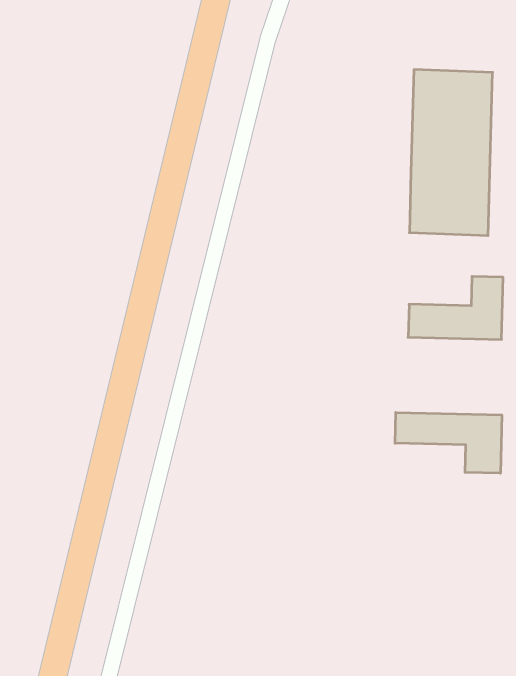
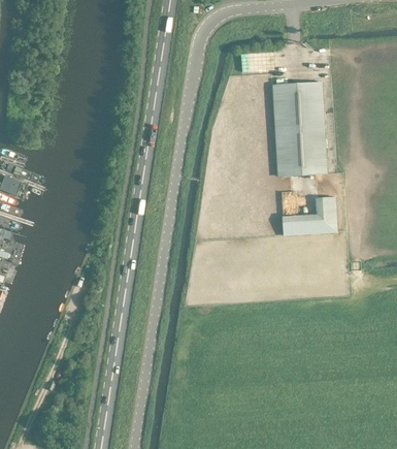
building: [395,412,502,473] -> none

